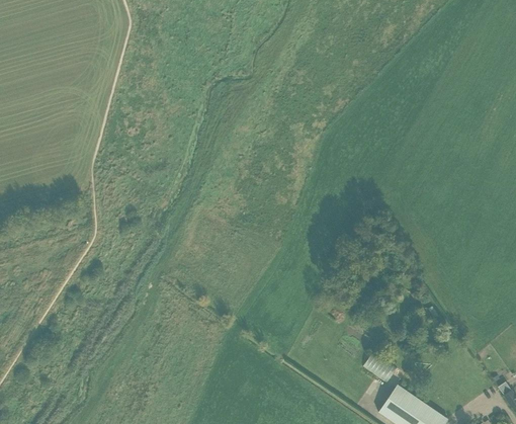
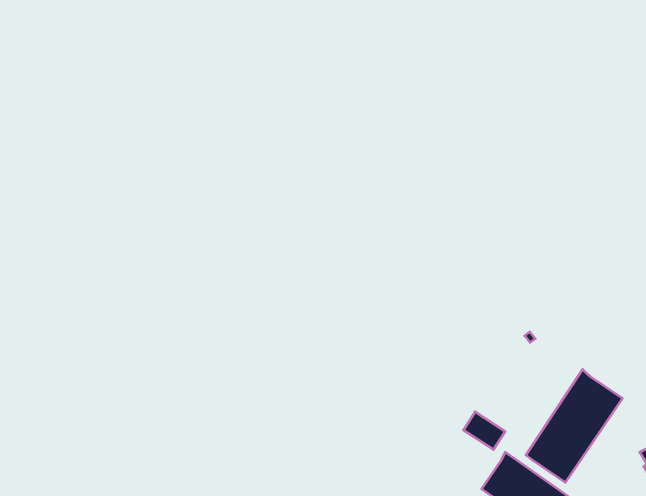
building: none -> [526,369,622,482]

